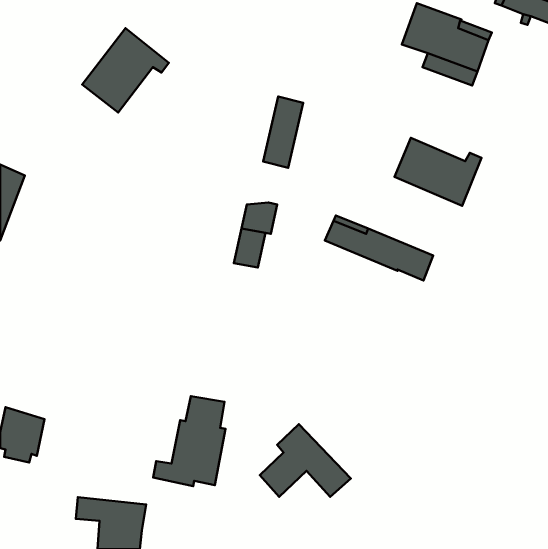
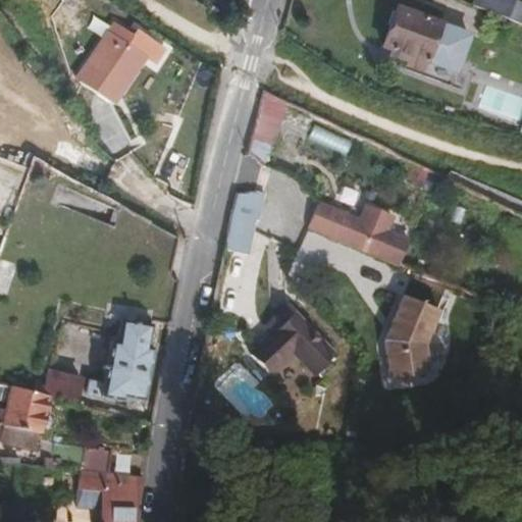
building: [394,138,482,206] -> none
building: none -> [387,297,441,380]
building: none -> [43,368,82,403]
building: [153,396,226,486] -> [85,315,153,400]
building: [260,424,351,497] -> [253,308,338,376]

